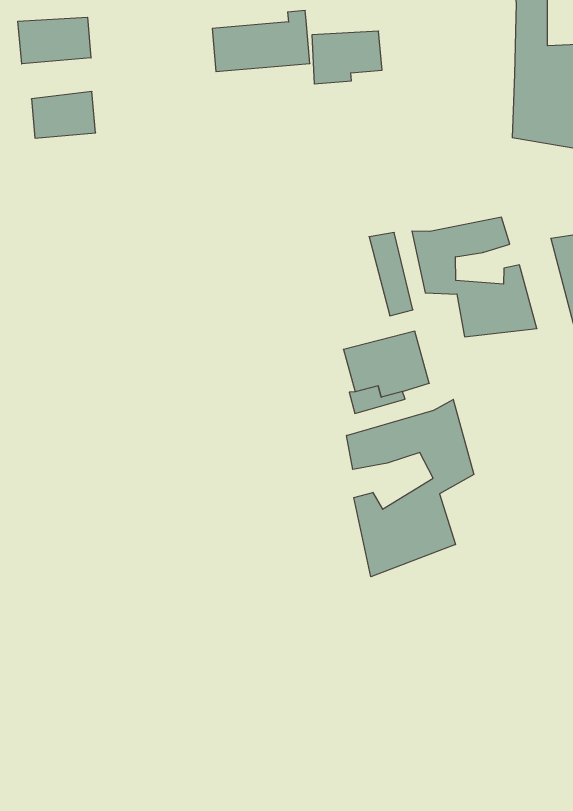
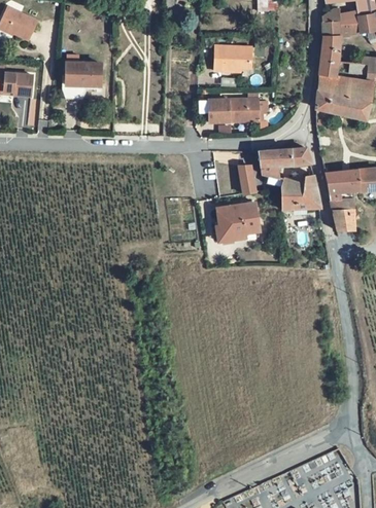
building: [212,11,310,72] -> [206,93,255,120]
building: [18,17,91,64] -> none
building: [347,399,474,577] -> none

